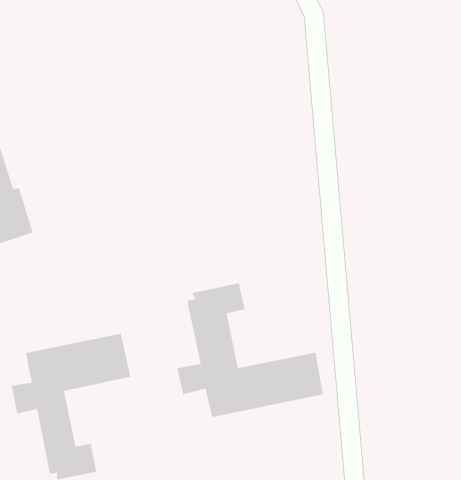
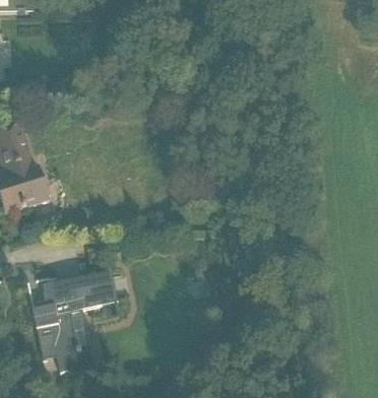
building: [177,283,324,418] -> none

